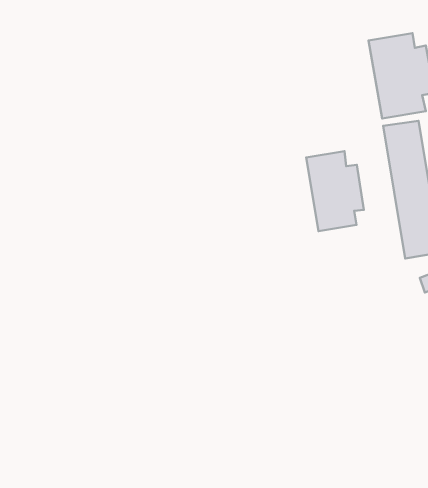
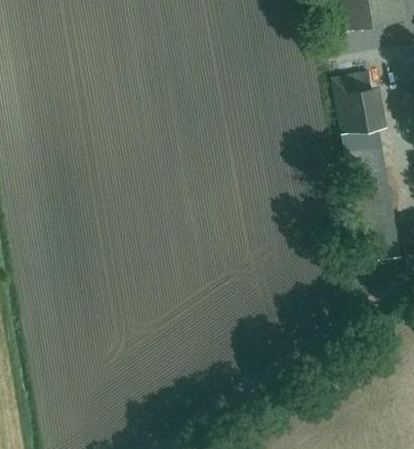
building: [306,151,364,231] -> none

